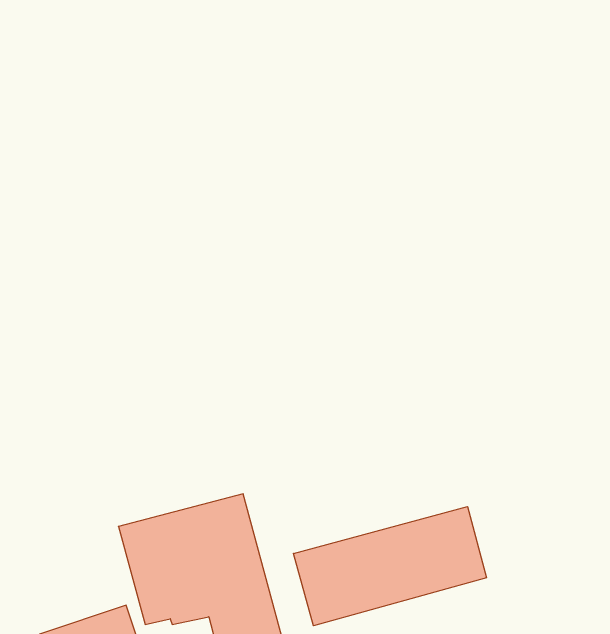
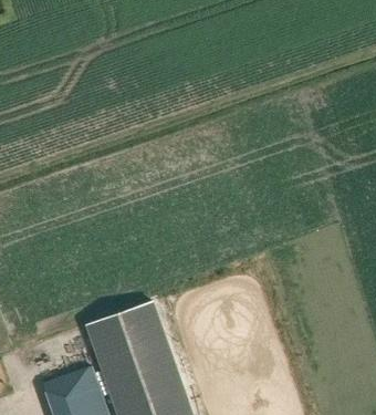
building: [293,507,486,626] -> none

